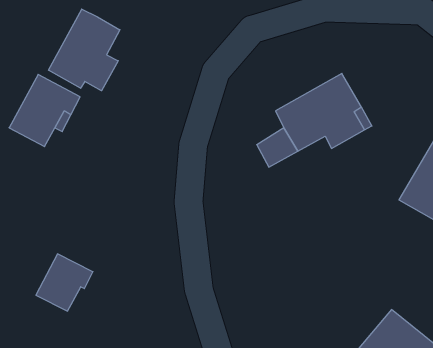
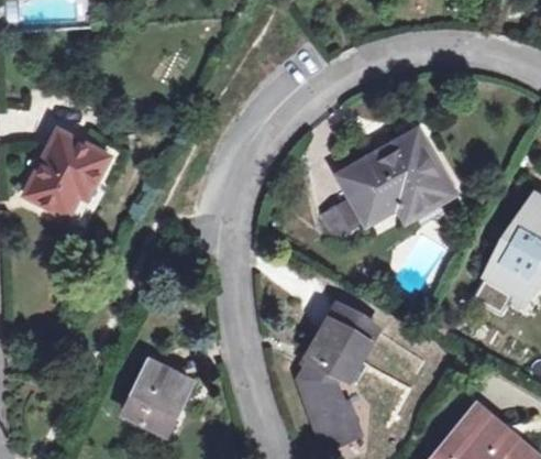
building: [49,9,120,91] -> none
building: none -> [301,304,377,447]
building: [36,254,93,311] -> [124,362,191,429]

